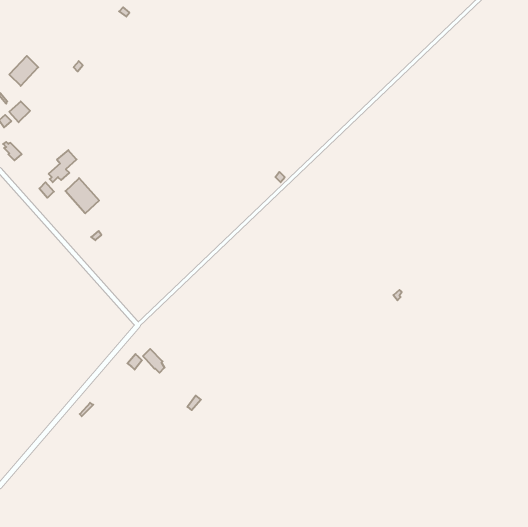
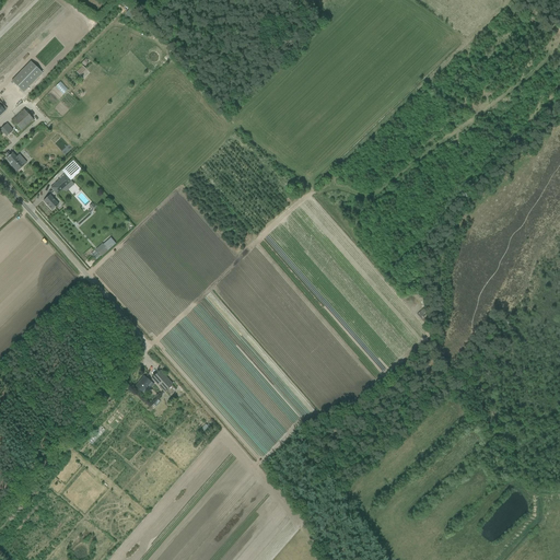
building: [65,178,99,213] -> none

